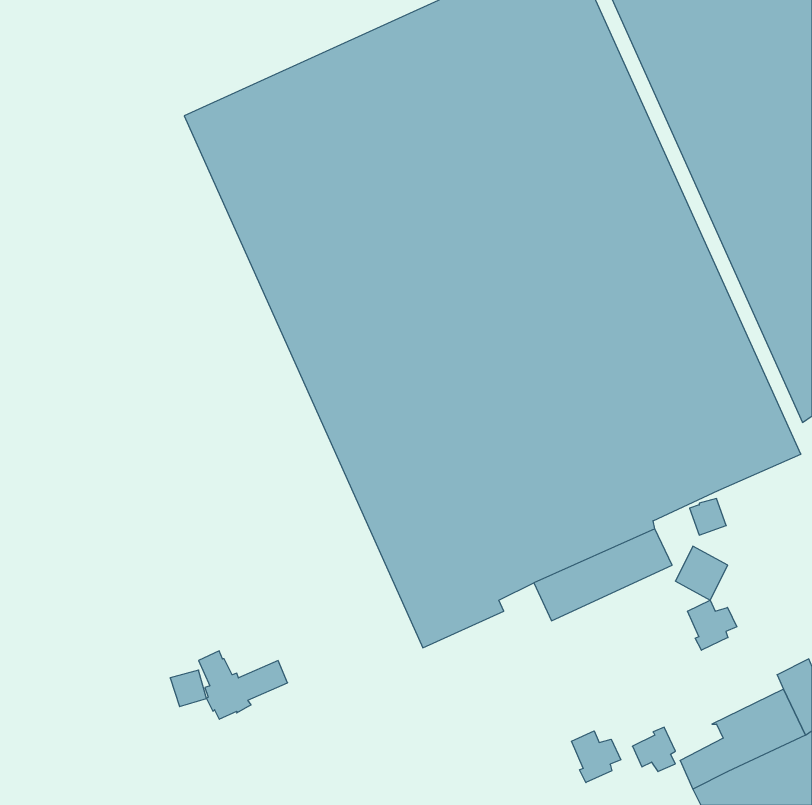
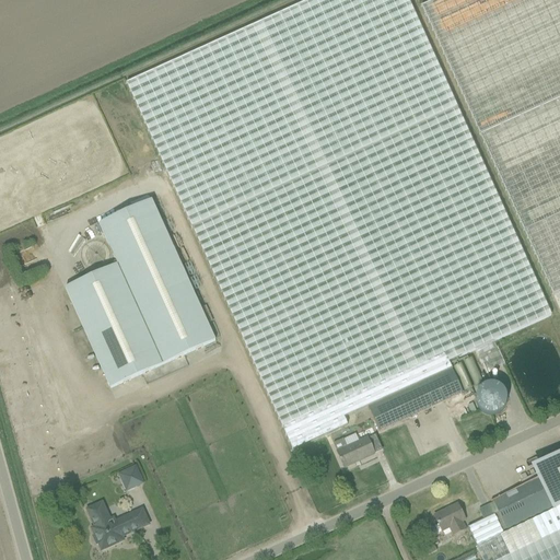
building: none -> [65,197,215,386]
building: [688,600,737,650] -> none
building: none -> [334,434,374,465]
building: [199,651,288,719] -> [88,500,149,547]
building: [572,731,621,783] -> none

